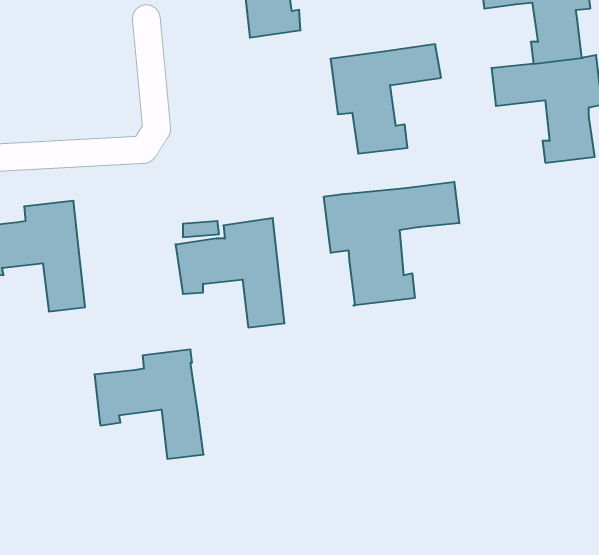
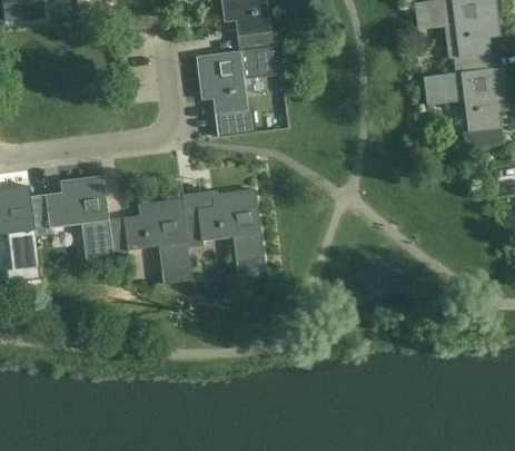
building: [330,44,441,154] -> [197,46,281,129]
building: [324,182,459,306] -> none
building: [94,350,204,459] -> [108,199,191,283]

